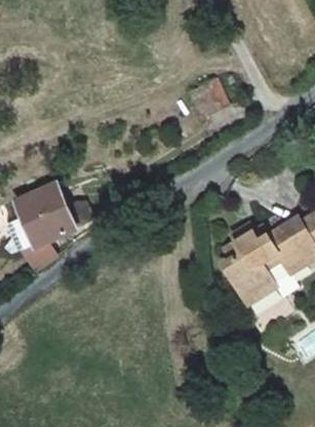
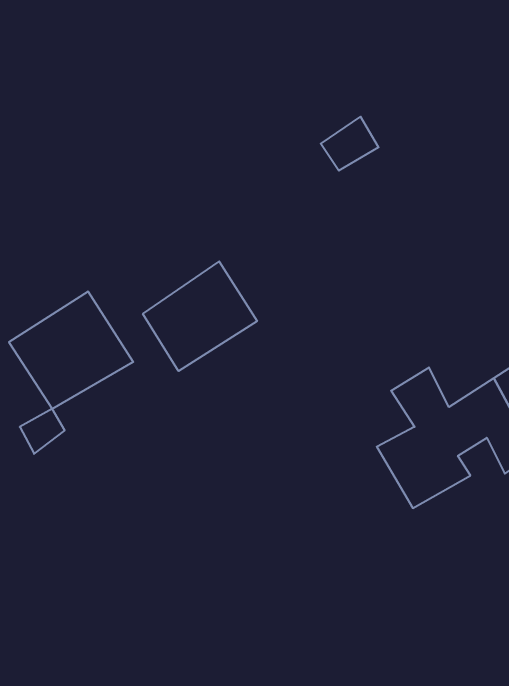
building: none -> [143,261,257,371]

